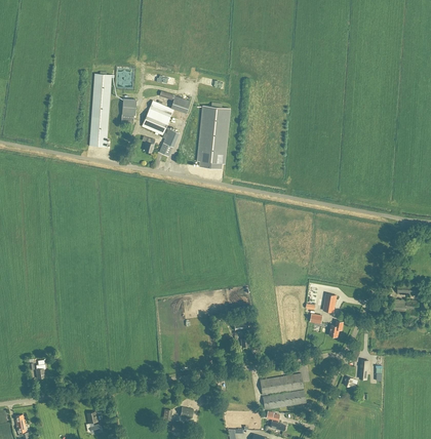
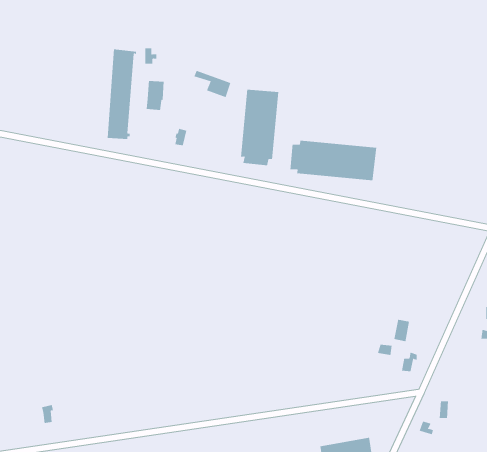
building: [141,101,178,159] -> none
building: none -> [290,140,377,181]
building: [260,373,303,395] -> none

